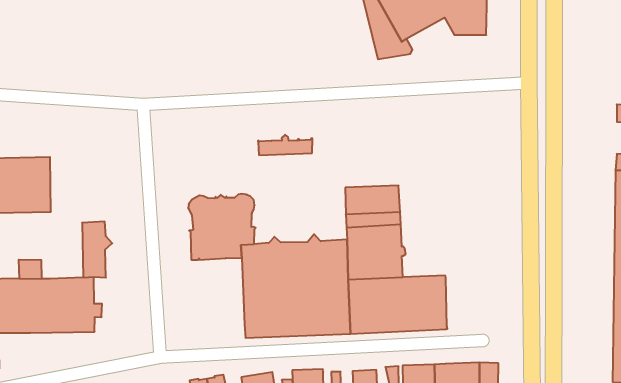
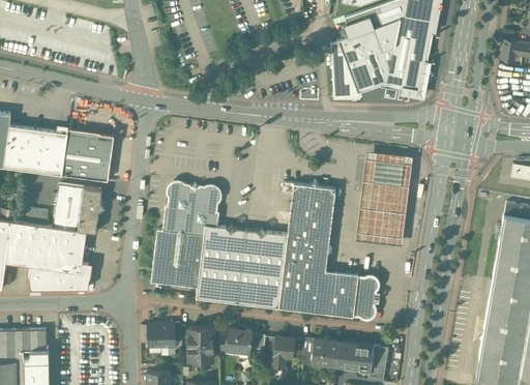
building: none -> [356,152,412,246]
building: [258,135,312,155] -> [292,182,335,200]
building: none -> [61,134,109,181]
building: none -> [52,185,84,231]
building: none -> [150,230,203,288]
building: none -> [353,276,378,319]
building: none -> [28,263,91,291]

